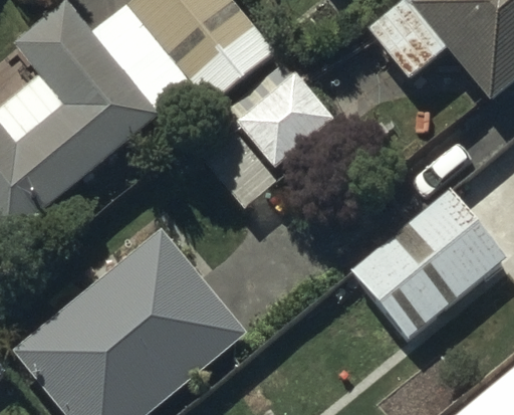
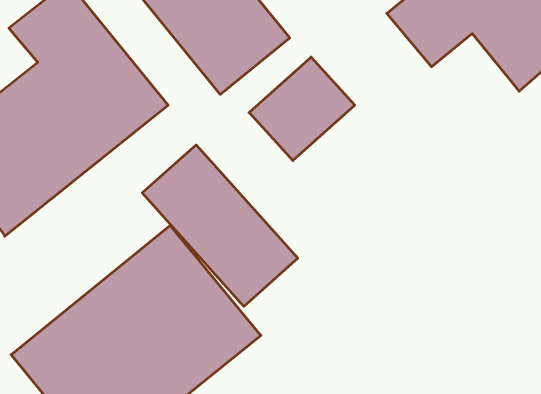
building: none -> [142,145,298,306]
building: [352,190,507,339] -> none

